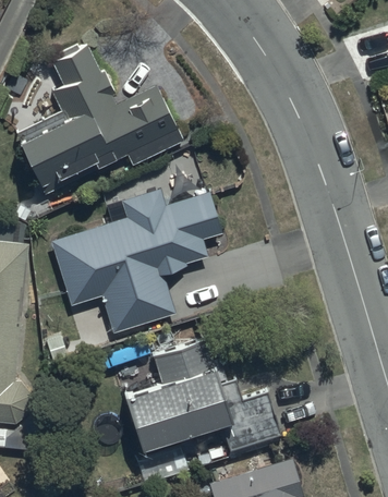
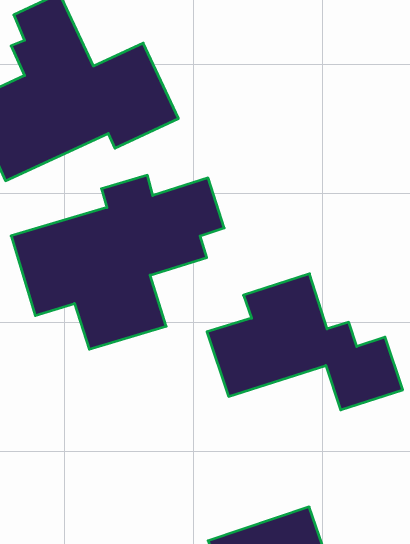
building: [123,340,281,450] -> [207,274,403,410]

